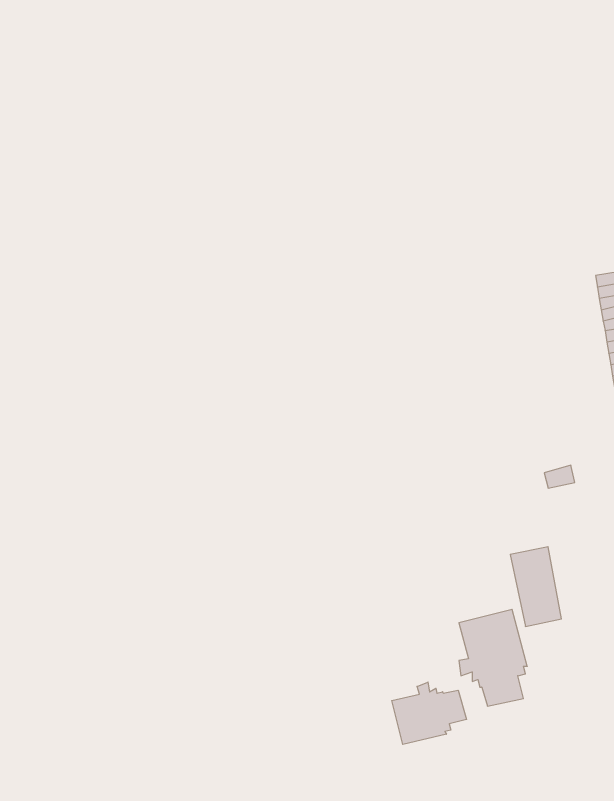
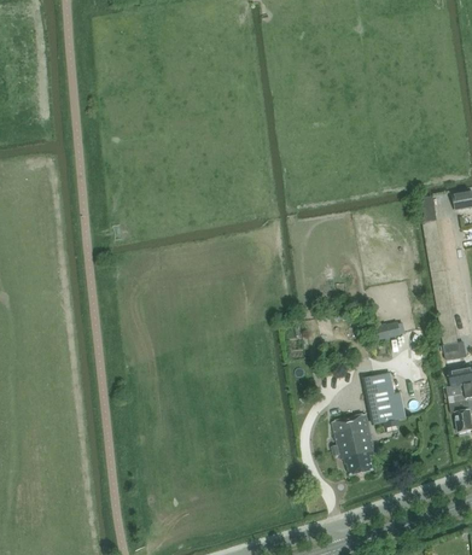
building: [392,682,467,744] -> none

